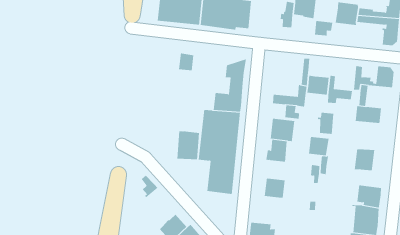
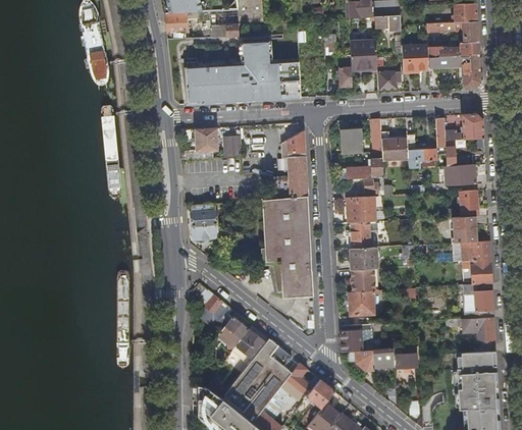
building: none -> [195,127,218,151]
building: none -> [340,129,363,154]
building: [317,112,334,135] -> [457,190,478,216]
building: [177,131,200,160] -> [191,204,219,239]
building: [308,136,329,156] -> [352,247,375,269]
building: none -> [461,240,490,260]
building: none -> [349,290,374,315]
building: none -> [217,316,250,351]

